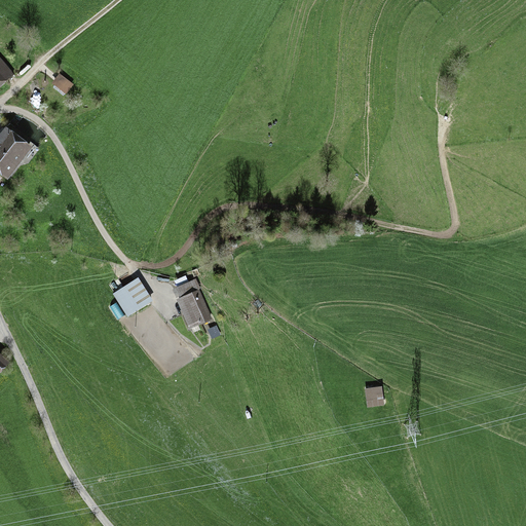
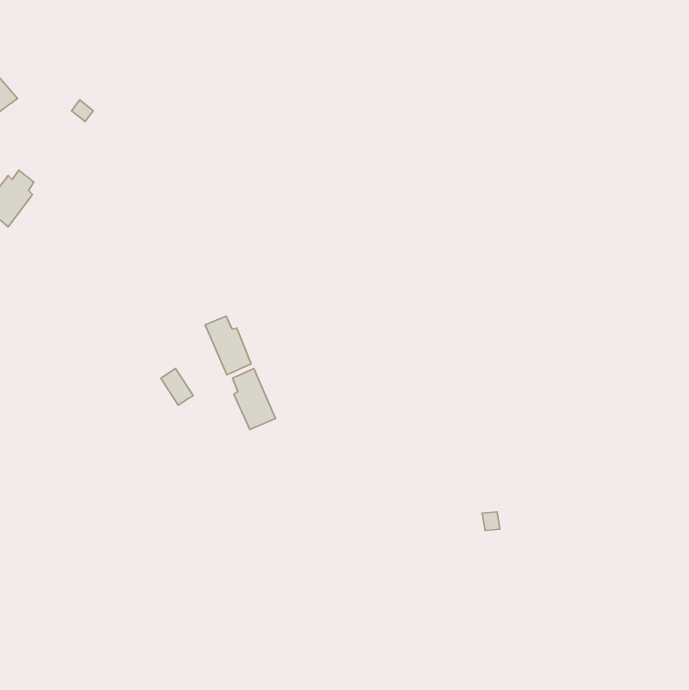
building: none -> [205,316,251,375]

